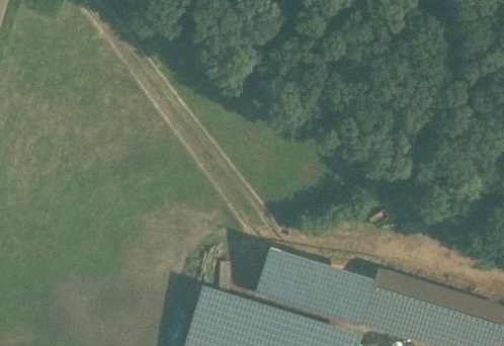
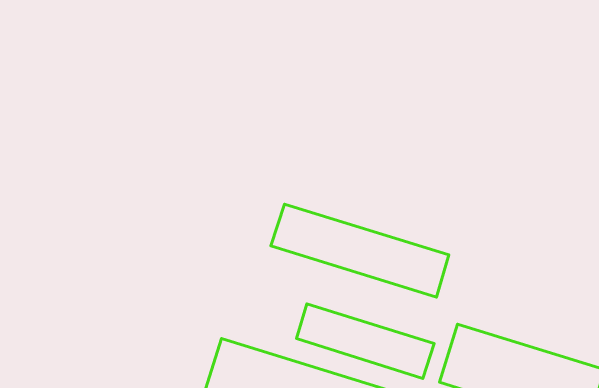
building: none -> [271,204,449,297]

